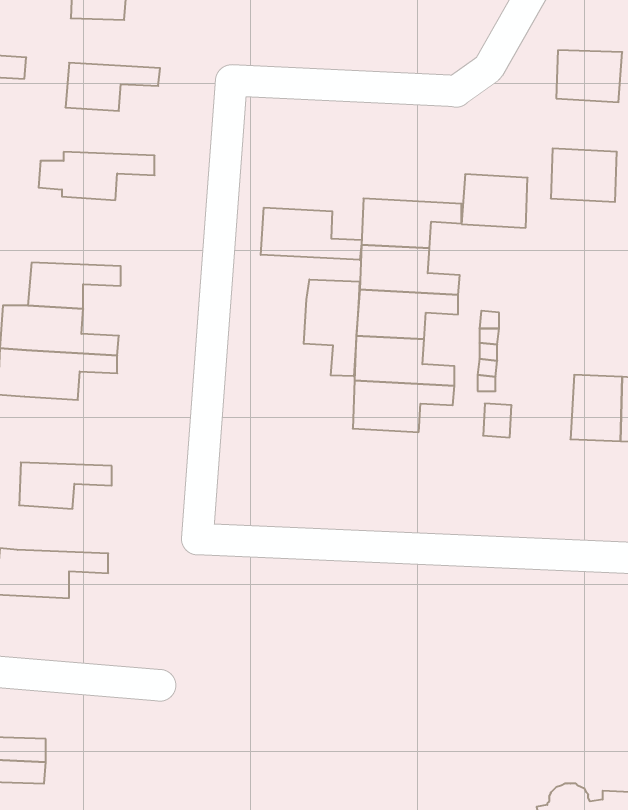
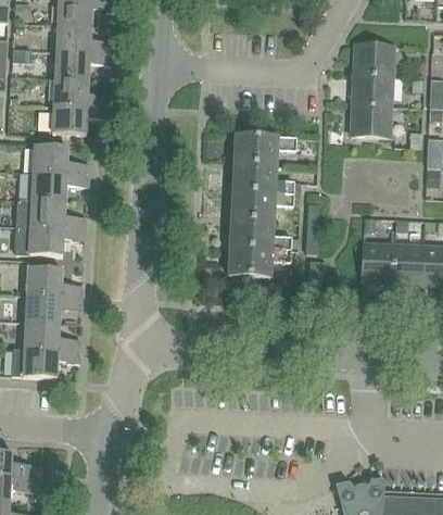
building: none -> [56,24,112,54]
building: none -> [53,78,110,108]
building: [462,174,528,228] -> [351,73,391,105]
building: [261,208,362,260] -> none
building: none -> [34,146,89,175]
building: [304,279,359,376] -> none
building: none -> [27,267,84,297]
building: none -> [25,321,81,350]

